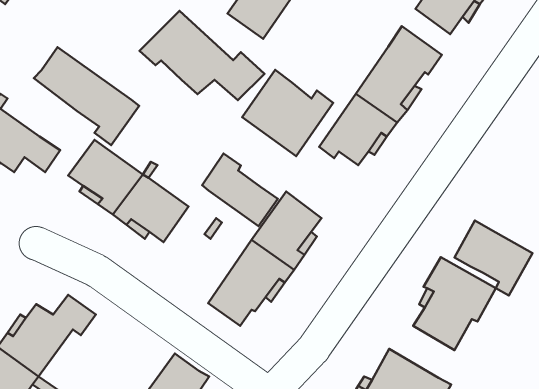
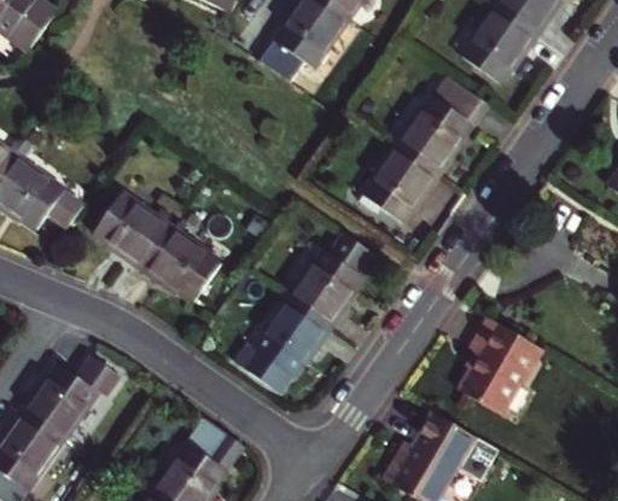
building: [139,11,264,100] -> none
building: [34,47,139,145] -> none
building: [242,70,333,156] -> none
building: [202,153,278,226] -> none
building: [455,221,532,295] -> none

